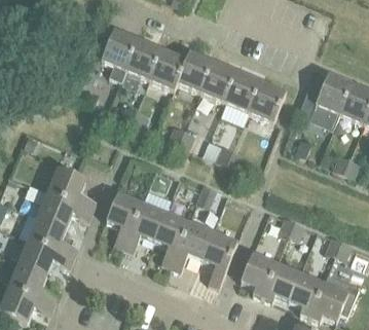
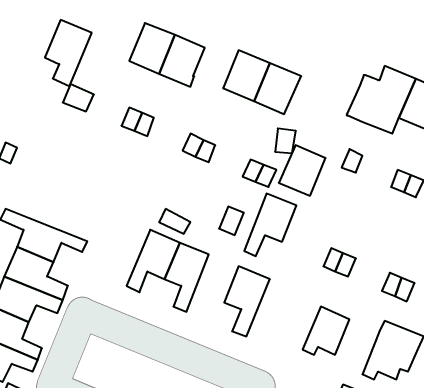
building: [101,29,138,81] -> [45,20,92,86]
building: [176,50,212,90] -> none
building: [248,81,285,121] -> [279,145,326,196]
building: [46,168,97,212] -> none
building: [105,192,142,247] -> none
building: [171,222,212,271] -> [244,194,296,256]
building: [239,253,276,297] -> none
building: [288,273,323,317] -> none

